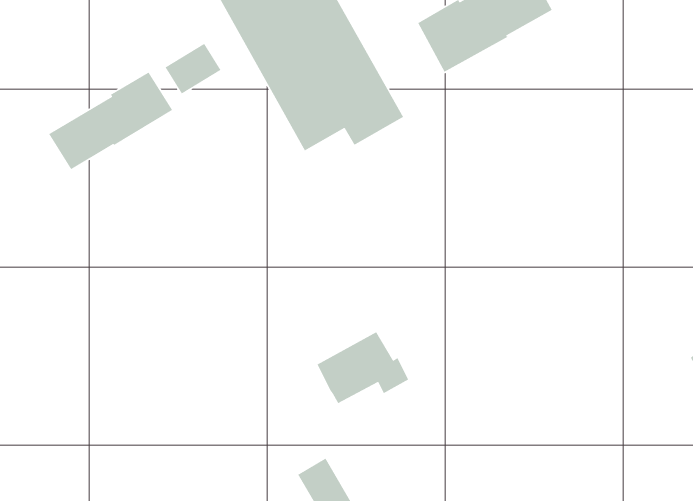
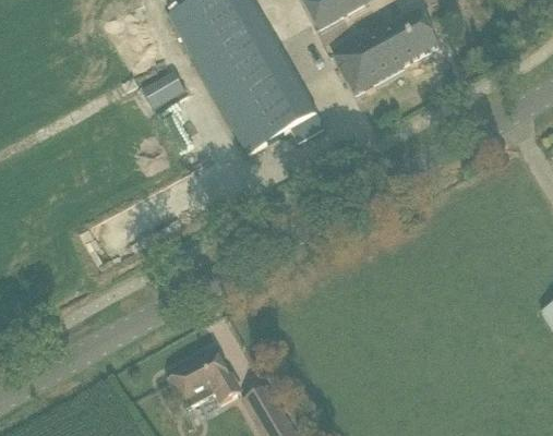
building: [48,72,173,170] -> none
building: [316,331,409,404] -> [170,354,241,410]

